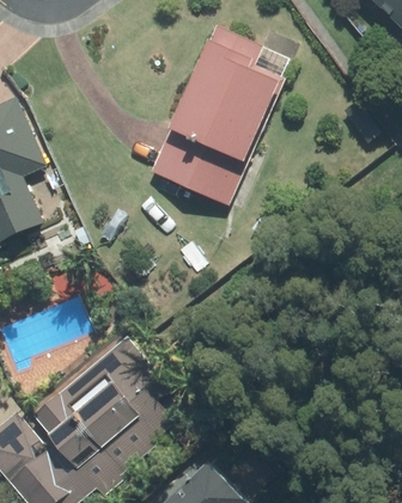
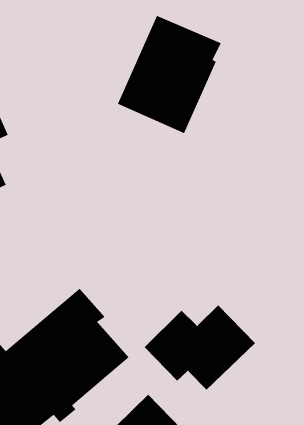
building: [151,129,246,204] -> none
building: none -> [144,304,256,391]

